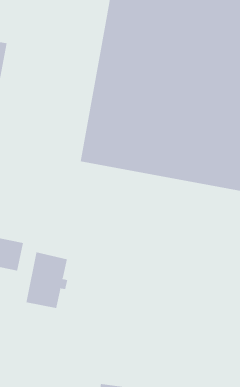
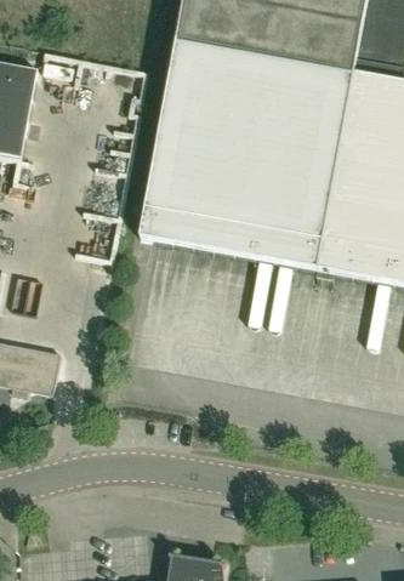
building: [26,252,68,309] -> none

